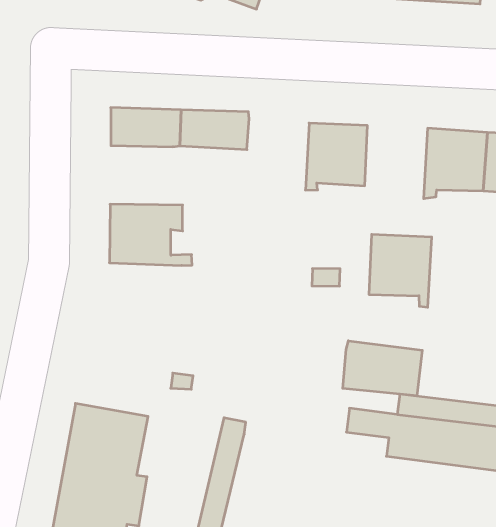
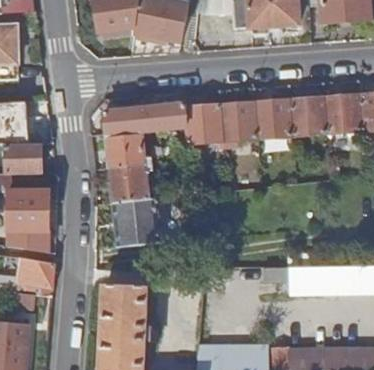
building: none -> [184,105,222,145]
building: none -> [106,129,152,167]
building: [369,234,432,307] -> [253,99,291,140]
building: none -> [114,197,161,246]
building: [343,341,422,396] -> none

